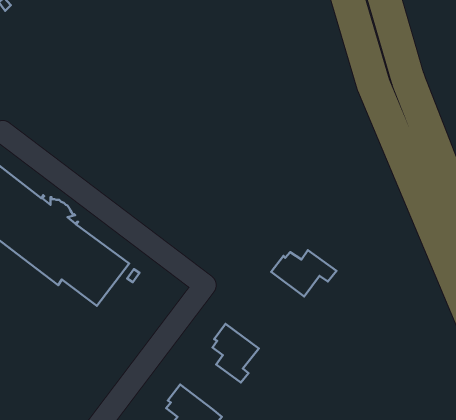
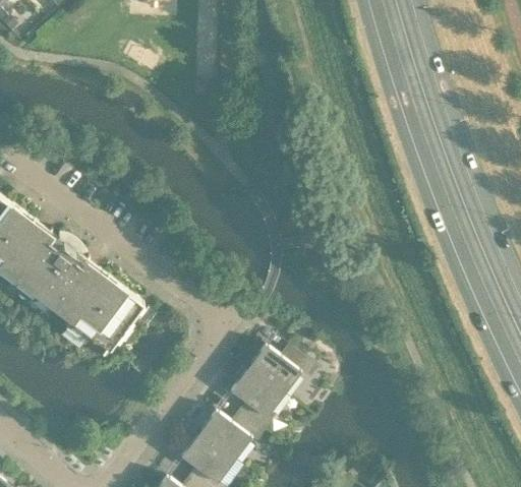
building: [271,250,336,297] -> [245,346,315,395]
building: none -> [196,413,262,461]

